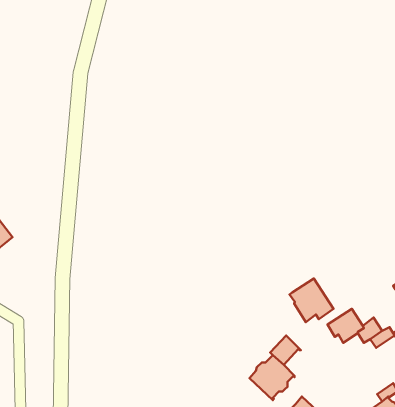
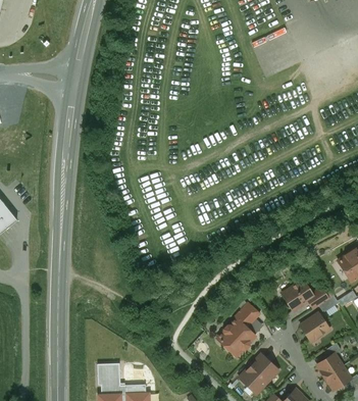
building: [290,278,334,322] -> none
building: none -> [299,312,328,339]

